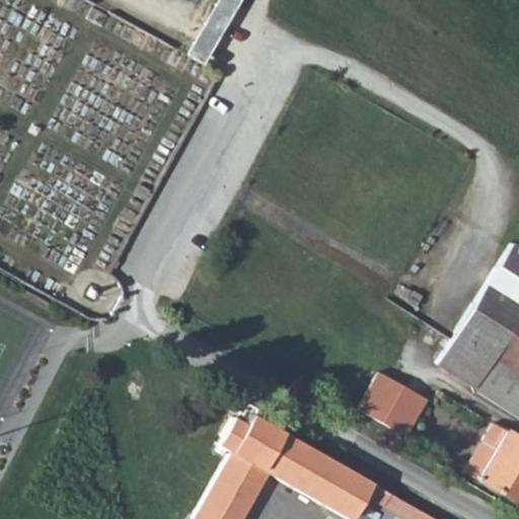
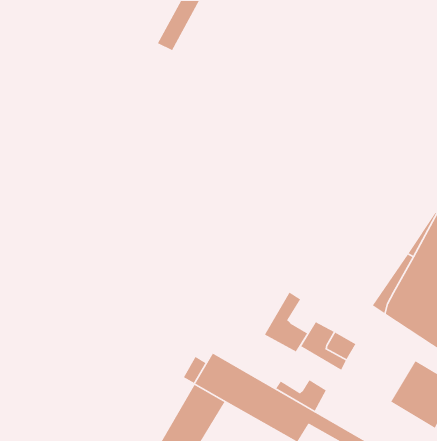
building: none -> [264,291,308,352]
building: none -> [275,379,327,412]

